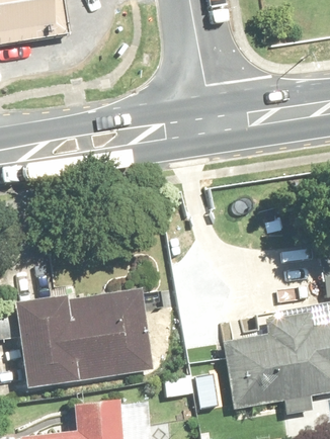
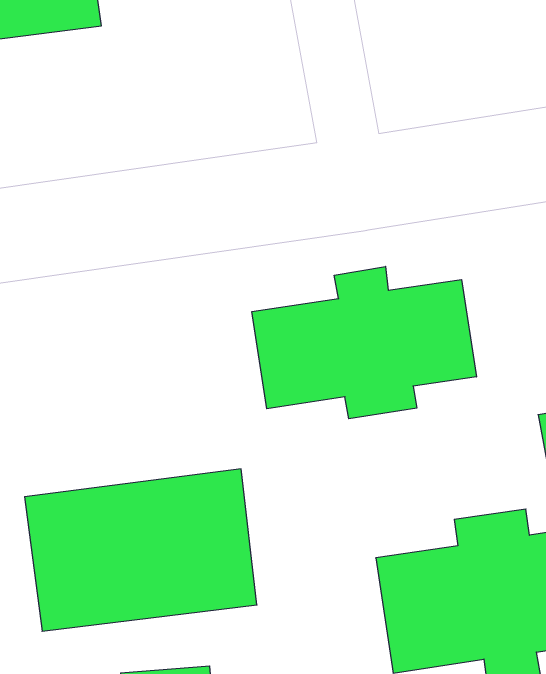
building: none -> [252,266,476,419]

